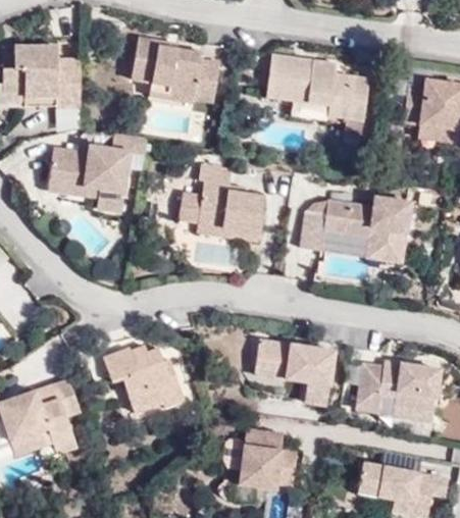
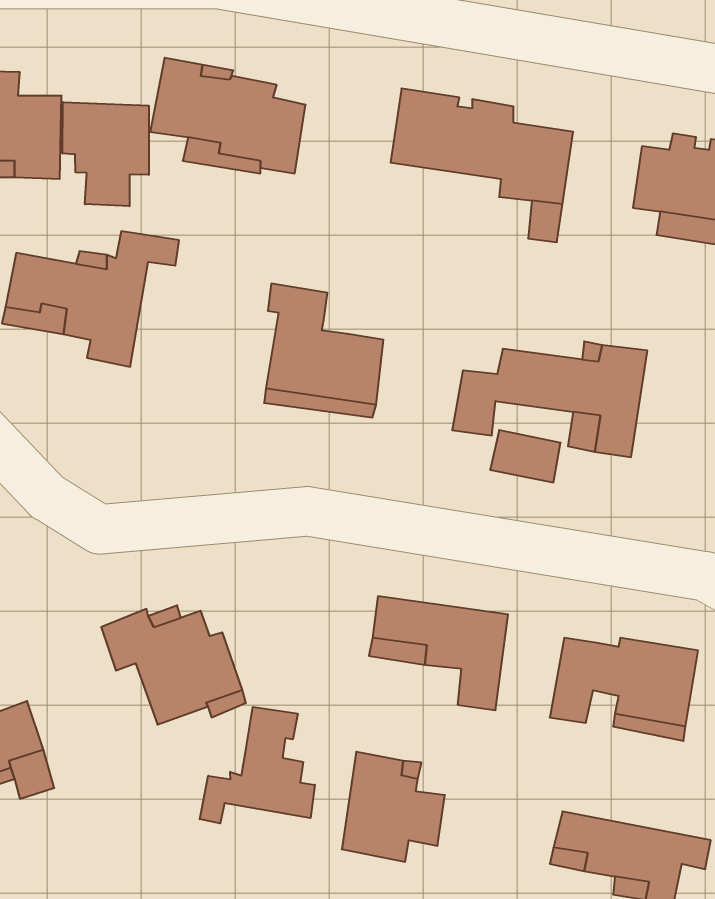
building: none -> [63,102,149,206]
building: none -> [200,707,315,823]

